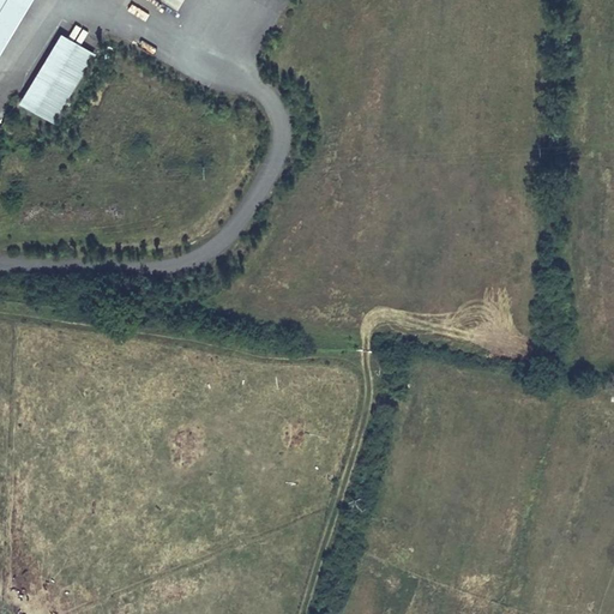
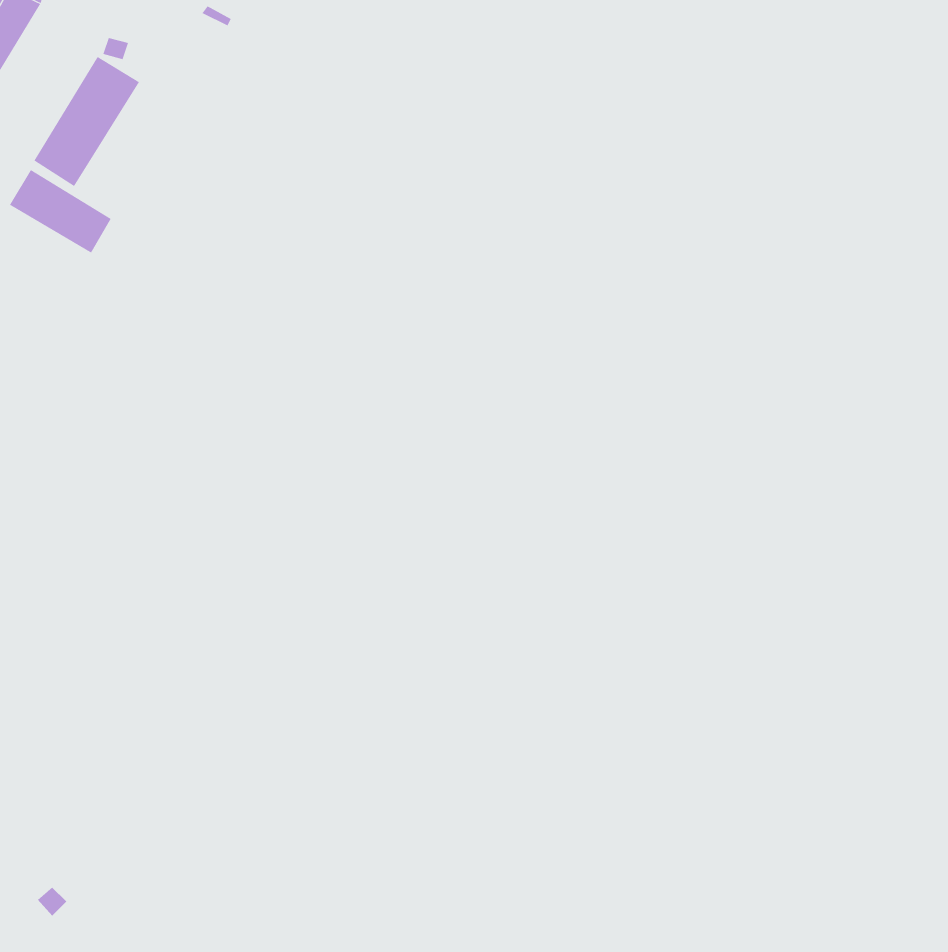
building: none -> [9,169,112,254]

